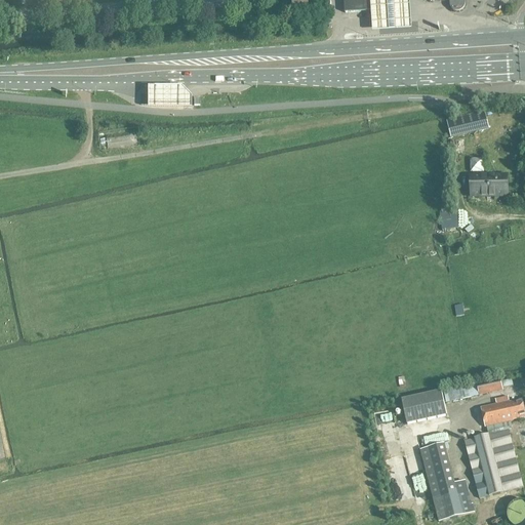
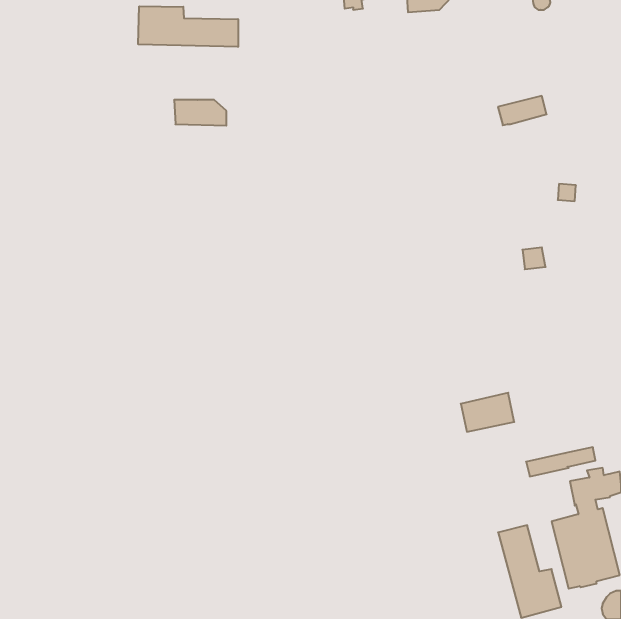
building: none -> [138,6,238,47]
building: [446,110,487,134] -> [498,96,547,125]
building: [470,173,508,194] -> none
building: [401,389,446,421] -> [461,393,514,432]

